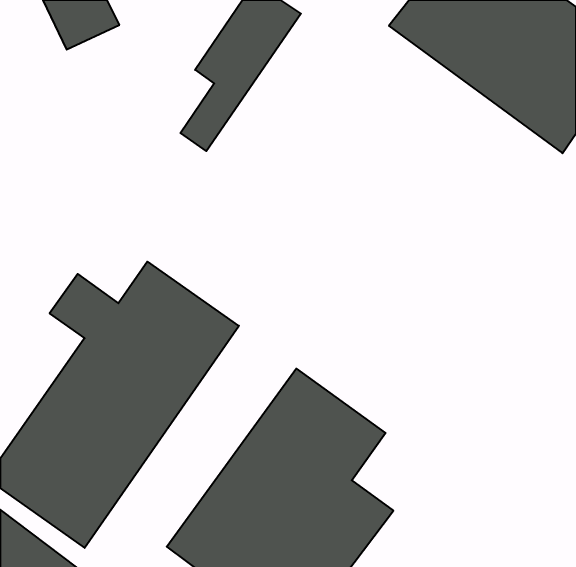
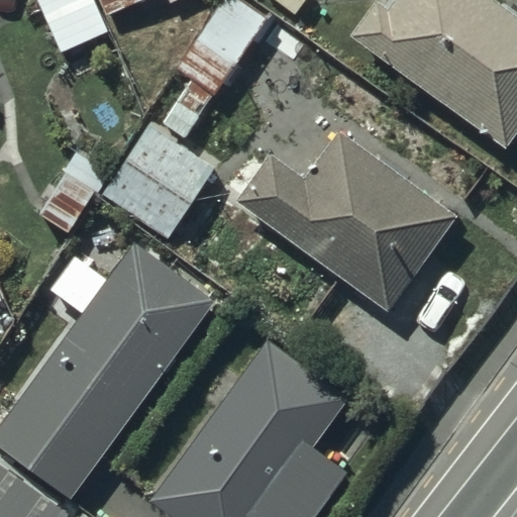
building: none -> [101,123,214,238]
building: none -> [235,131,455,312]

